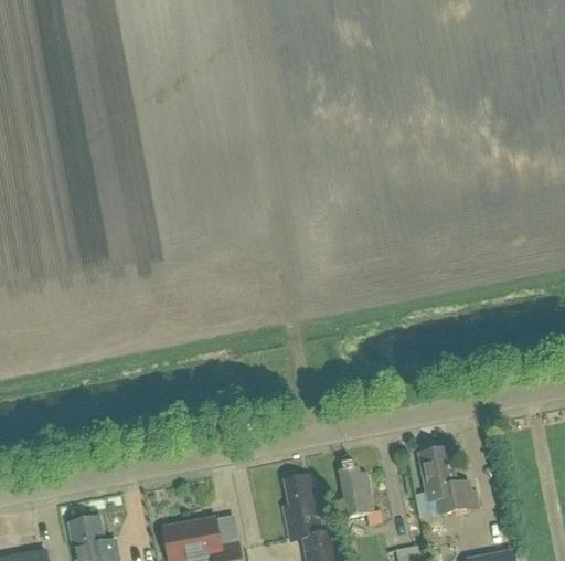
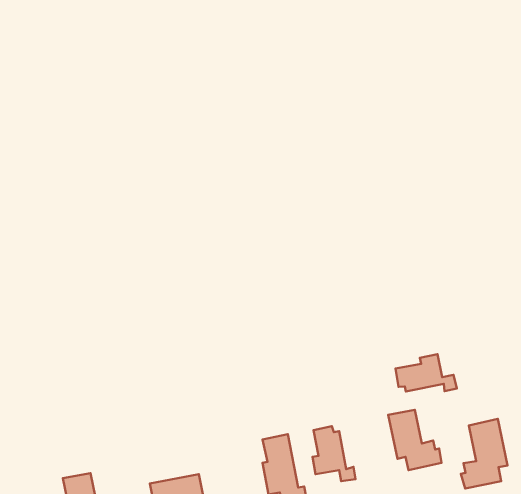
building: none -> [395,354,457,391]
building: none -> [461,419,508,489]

